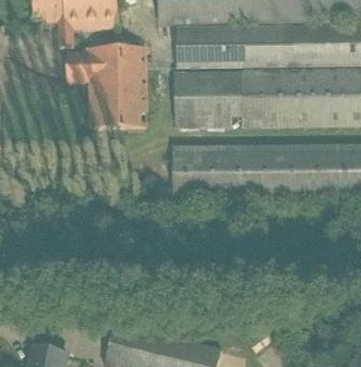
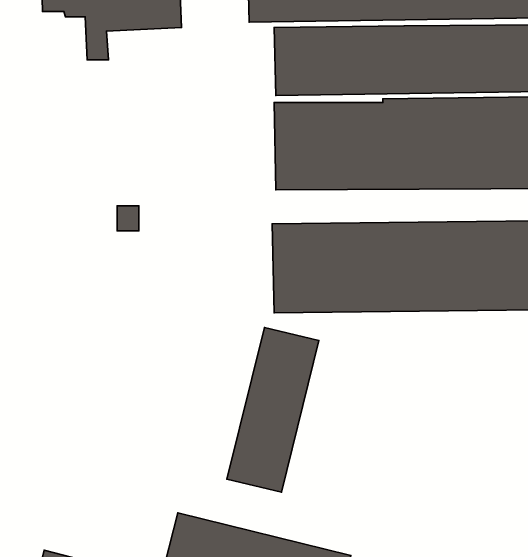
building: [65,46,145,126] -> none
building: none -> [227,328,319,492]

